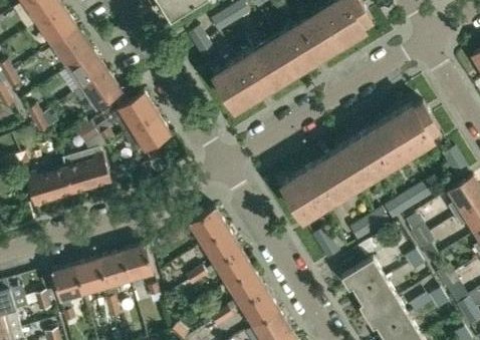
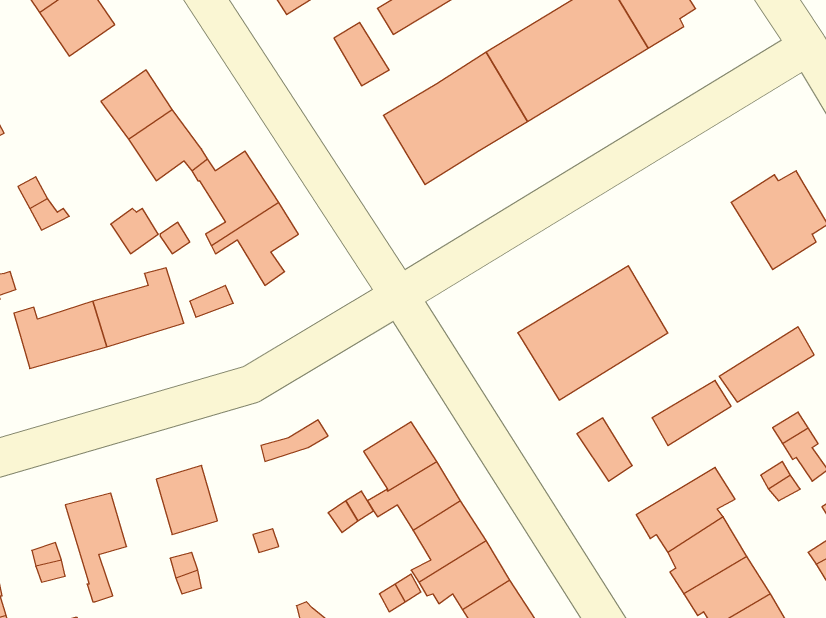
building: [53,28,92,67] -> none
building: [337,118,411,185] -> none
building: [190,209,227,245] -> none
building: [121,245,153,280] -> none
building: [74,259,105,293] -> none

